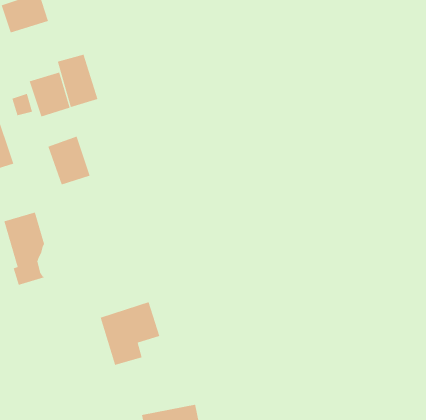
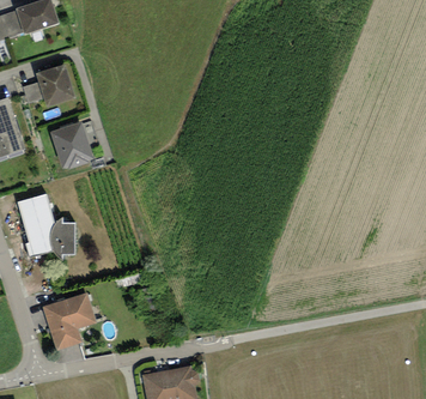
building: [57,54,98,108] -> none
building: none -> [48,216,74,259]
building: [100,302,160,366] -> [42,291,96,349]

